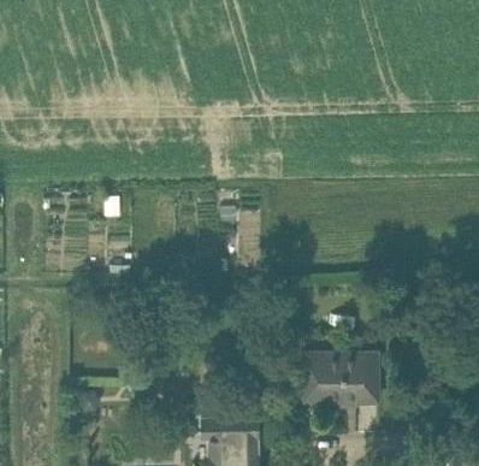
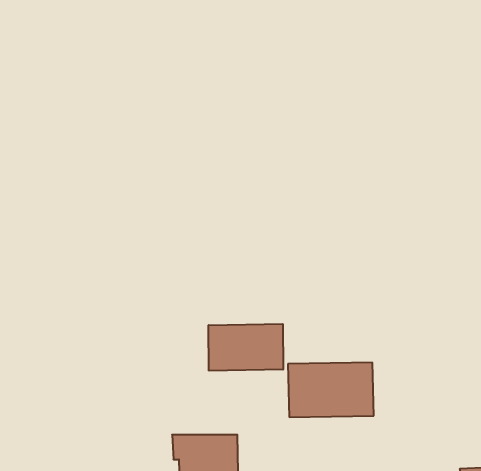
building: none -> [209,324,283,371]

